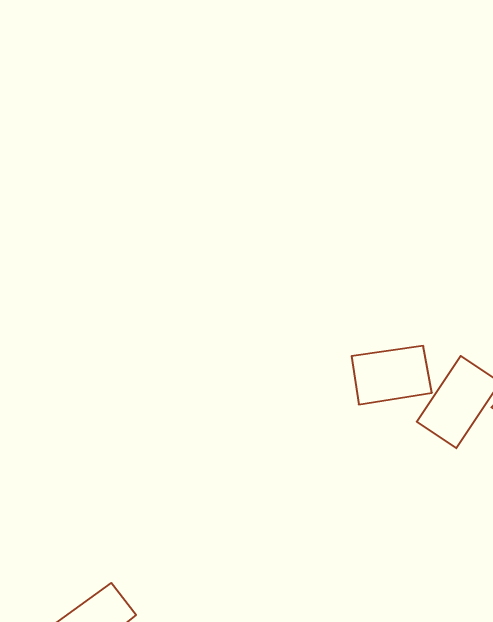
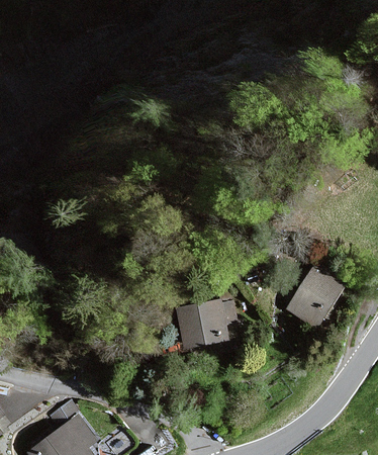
building: [352,346,432,404] -> [179,304,234,345]

